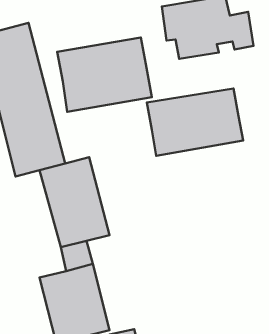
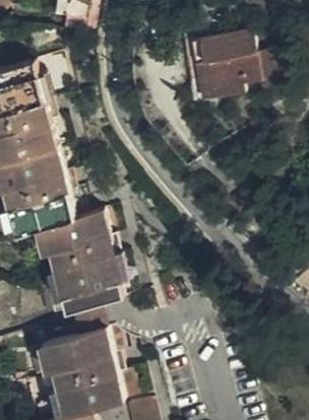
building: [57,37,152,112] -> none
building: [147,89,243,156] -> none

